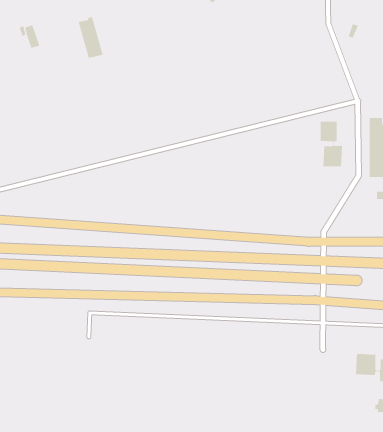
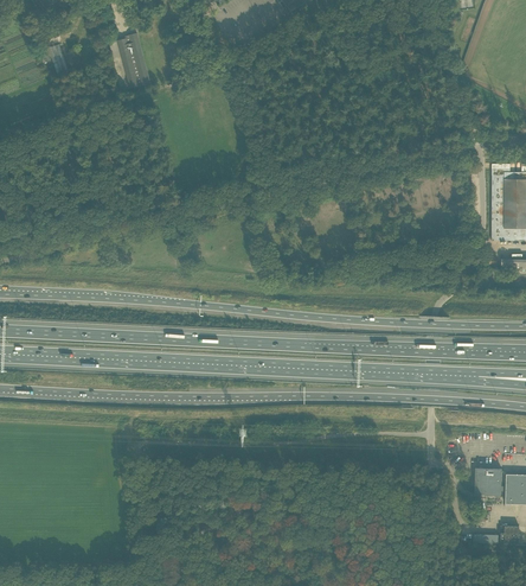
building: [320,121,342,167] -> none

